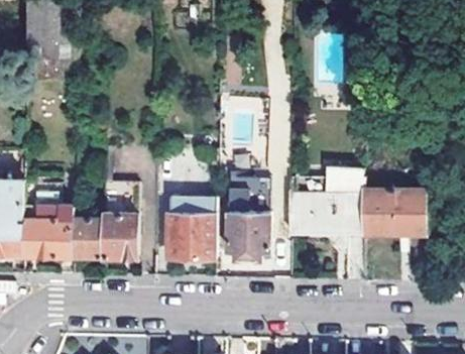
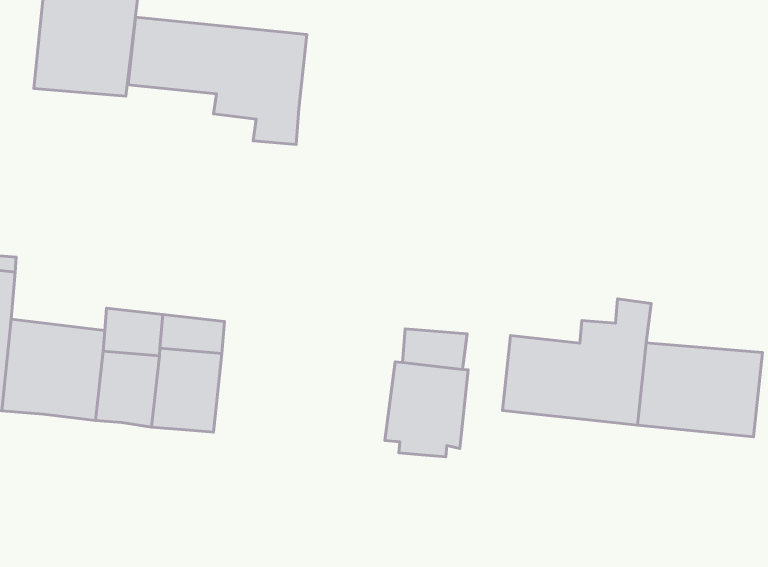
building: none -> [128,17,307,144]
building: [167,198,216,259] -> none

